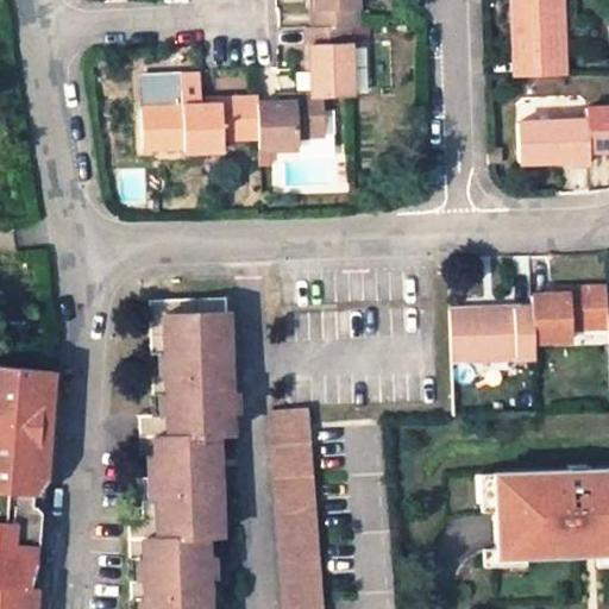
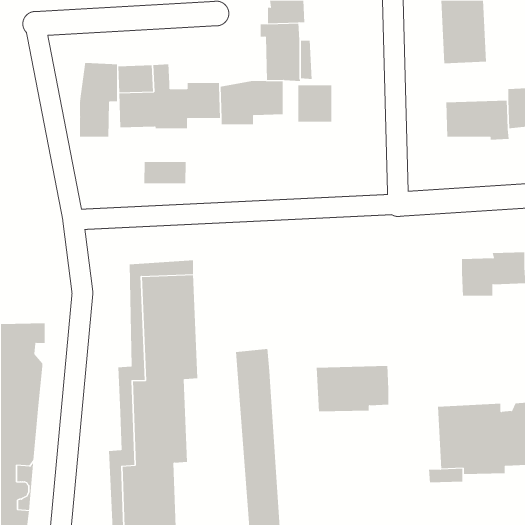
building: none -> [80,62,118,138]
building: none -> [298,85,332,122]
building: none -> [144,161,186,184]
building: [451,316,535,370] -> [316,366,389,412]

